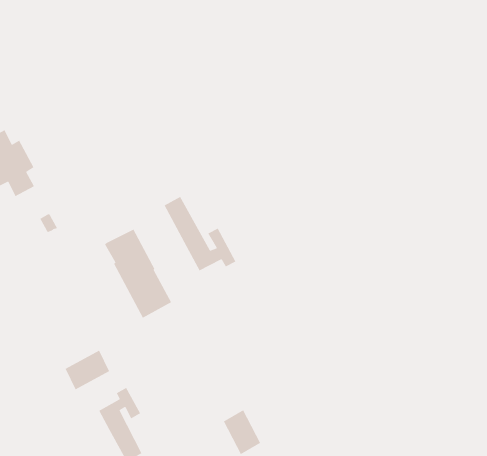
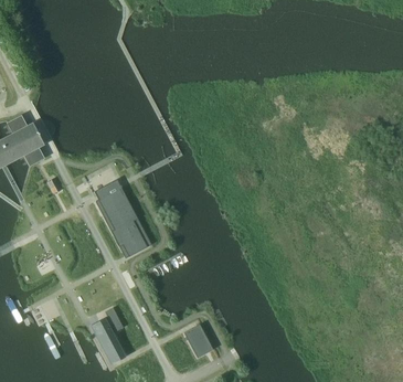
building: [163,196,236,271] -> none
building: [64,350,110,390] -> none

